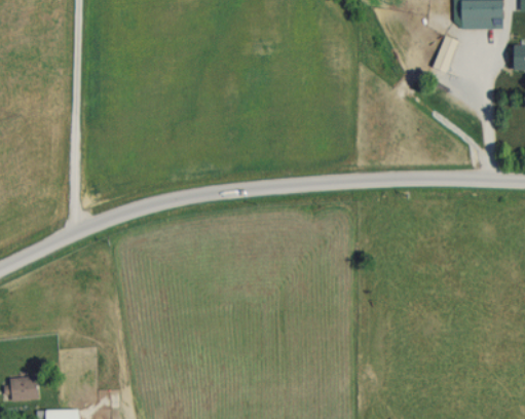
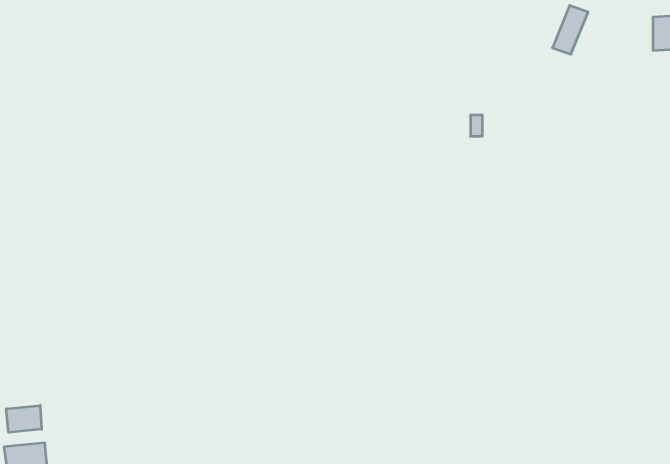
building: none -> [6,405,42,432]

